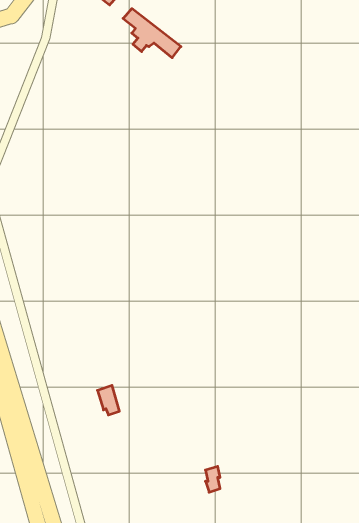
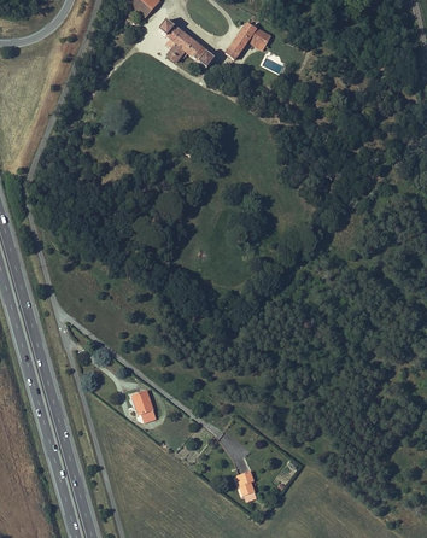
building: none -> [226,23,271,59]

